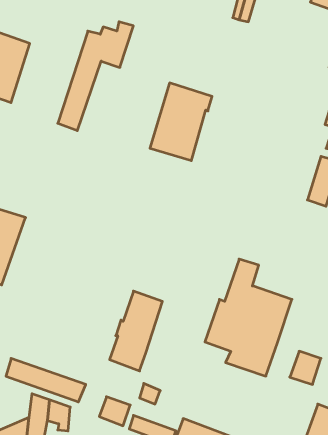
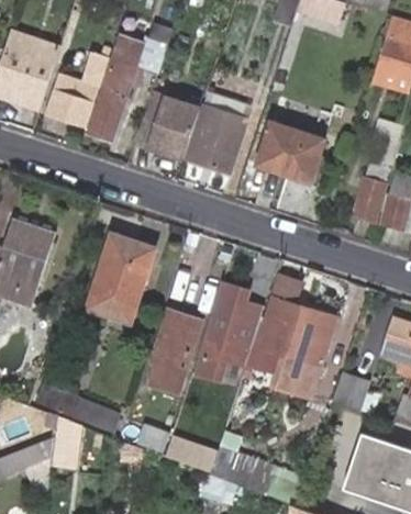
building: none -> [47,47,109,124]
building: none -> [134,94,200,158]
building: none -> [258,123,323,181]
building: none -> [86,233,158,314]
building: none -> [197,289,245,379]

